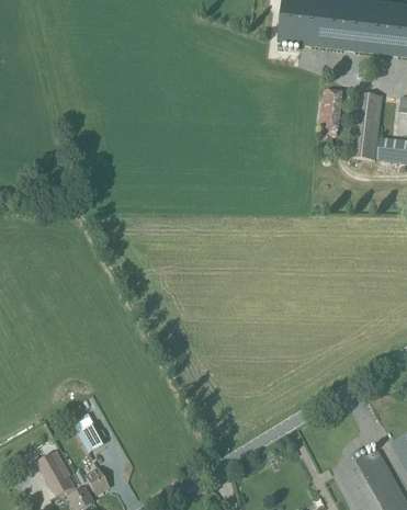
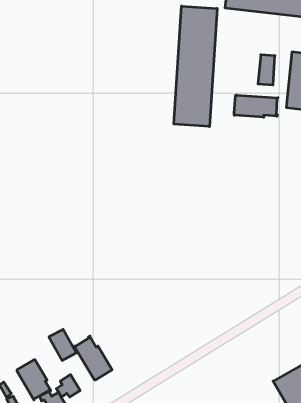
building: none -> [174,6,217,127]
building: none -> [234,95,278,117]
building: none -> [74,336,112,380]

